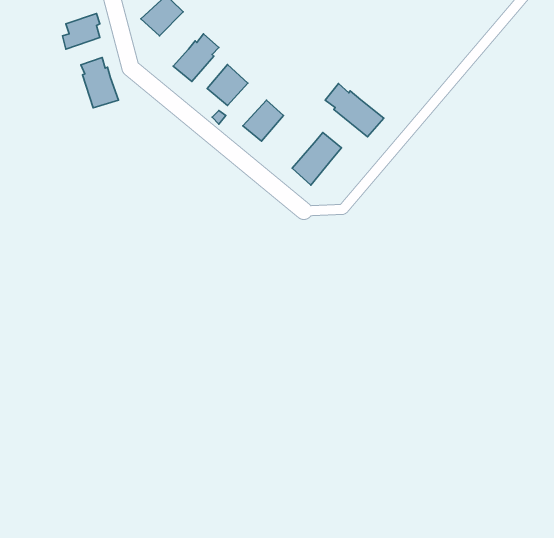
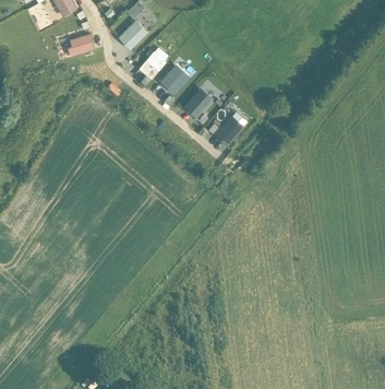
building: [81,58,118,108] -> none
building: [325,84,384,137] -> none

